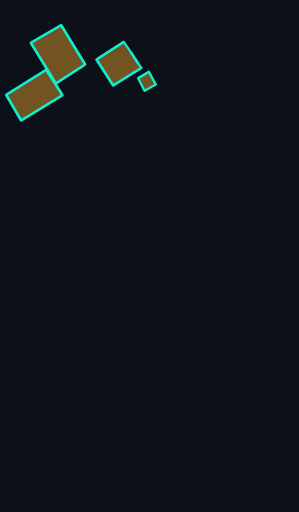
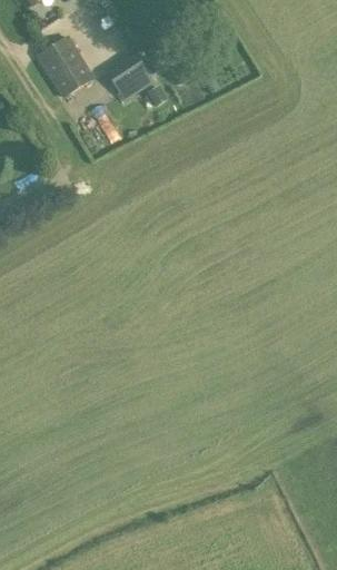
building: [6,70,62,121] -> none

